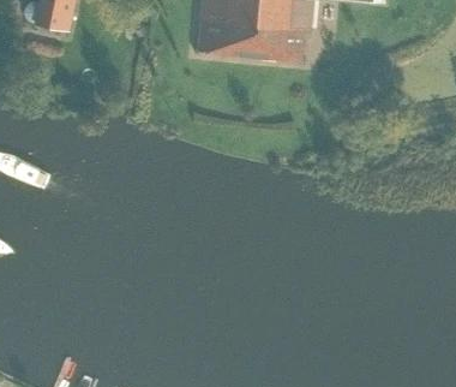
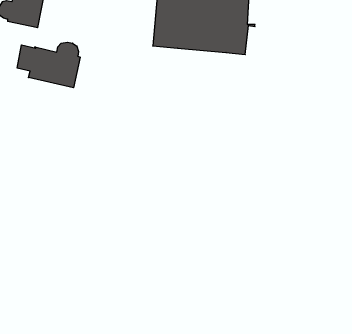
building: none -> [17,42,80,88]

